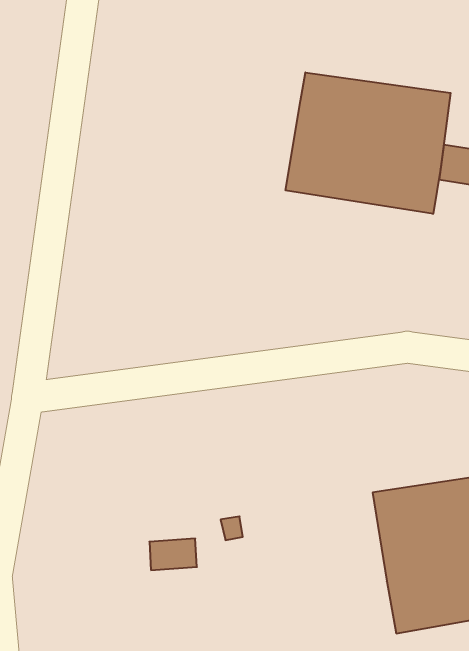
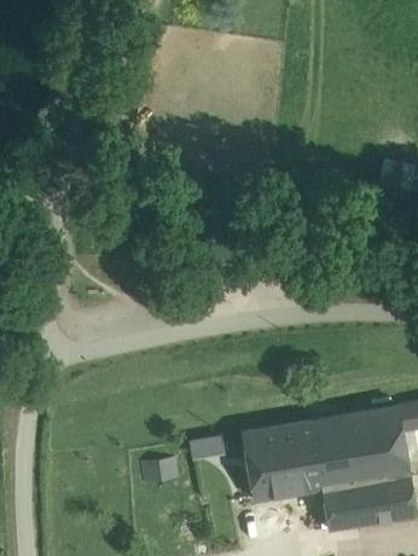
building: [286,72,451,214] -> none
building: none -> [240,421,320,500]

